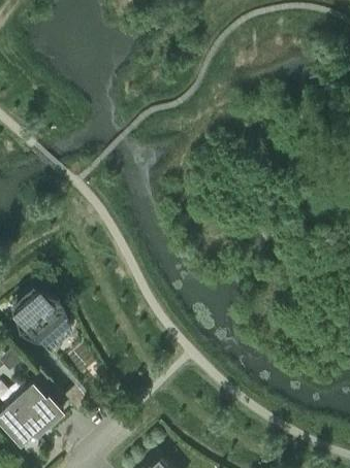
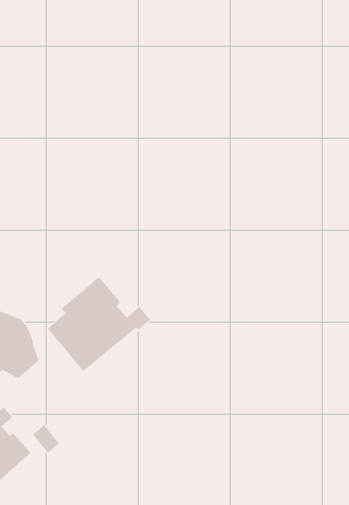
building: none -> [47,276,151,372]

